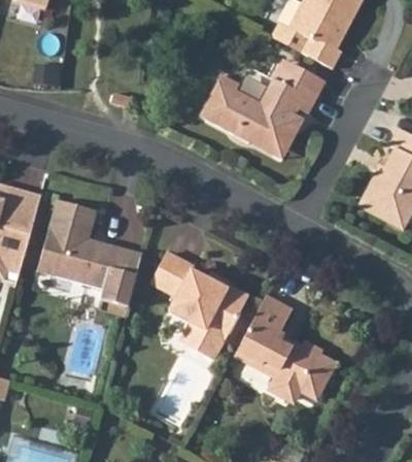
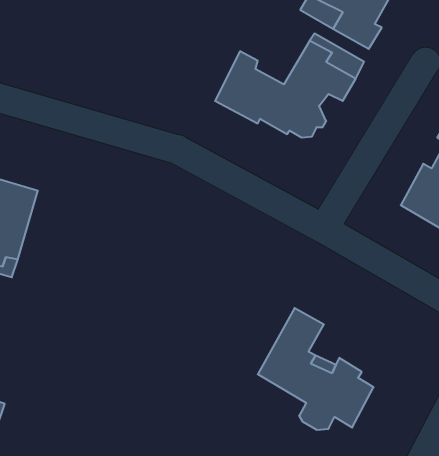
building: [37,199,141,307] -> none
building: [154,253,248,356] -> none

